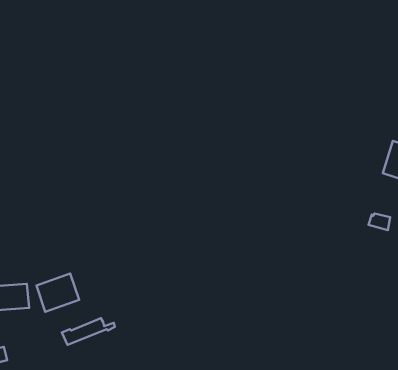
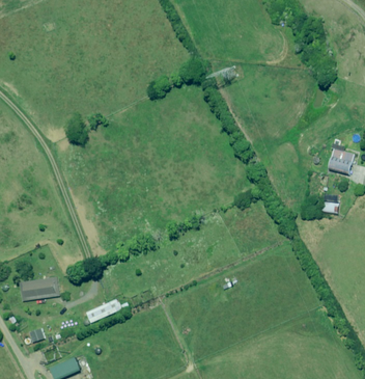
building: [36,274,79,312] -> none

